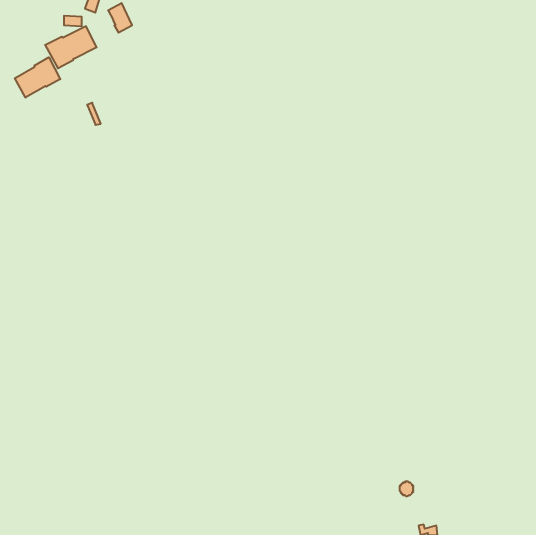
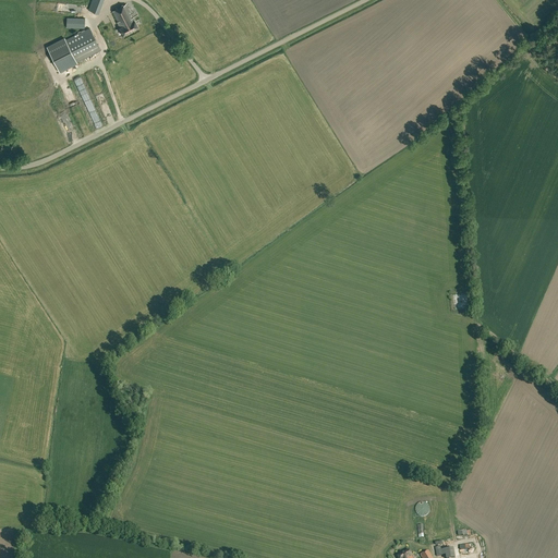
building: [15,57,60,98] -> none

